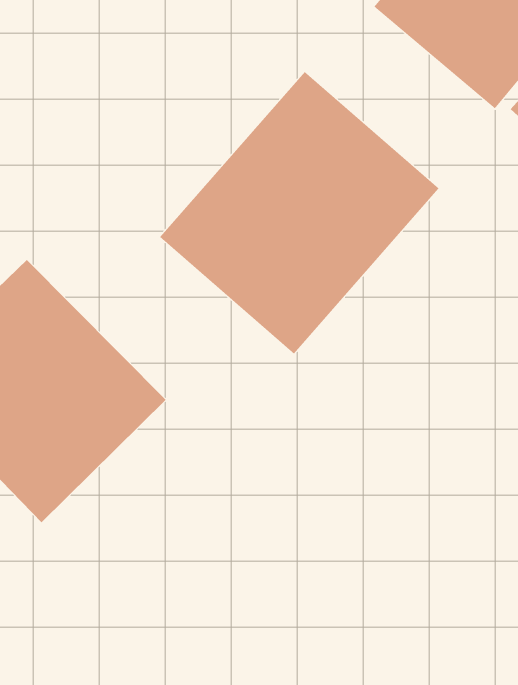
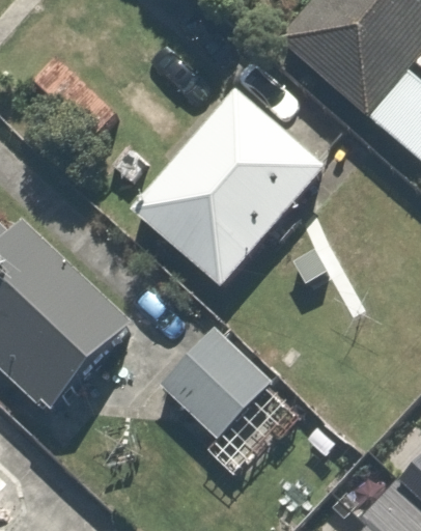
building: none -> [161,329,296,490]

